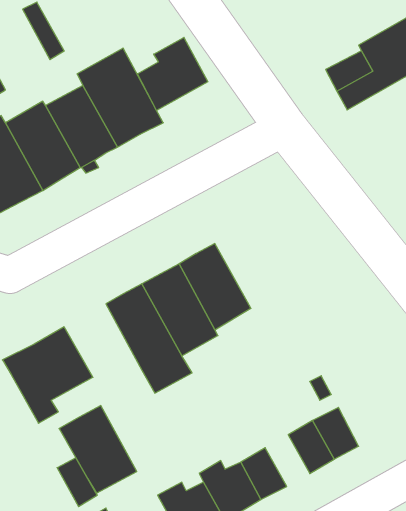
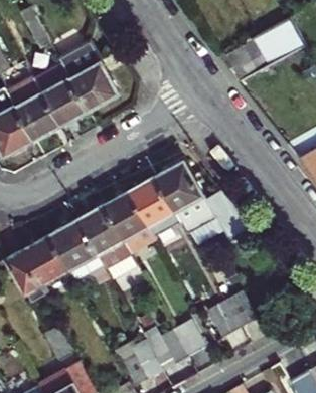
building: [137,37,208,110] -> none
building: none -> [154,161,255,243]
building: [59,406,137,493] -> [48,219,103,280]

